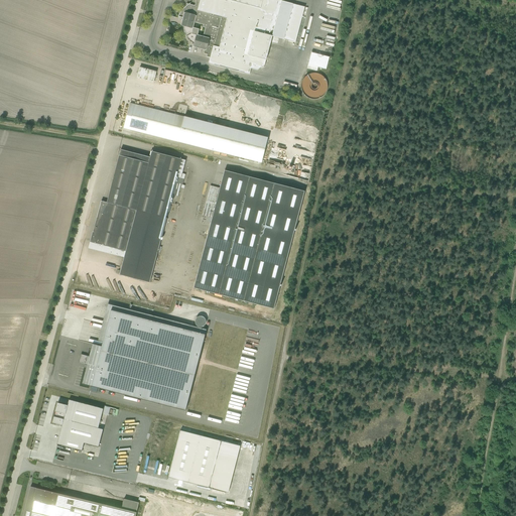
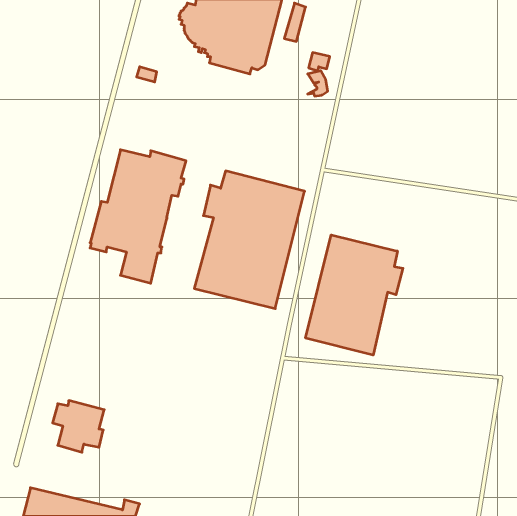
building: [124,103,268,163] -> none
building: none -> [306,235,403,355]
building: [79,303,207,409] -> none
building: [168,429,240,492] -> none

